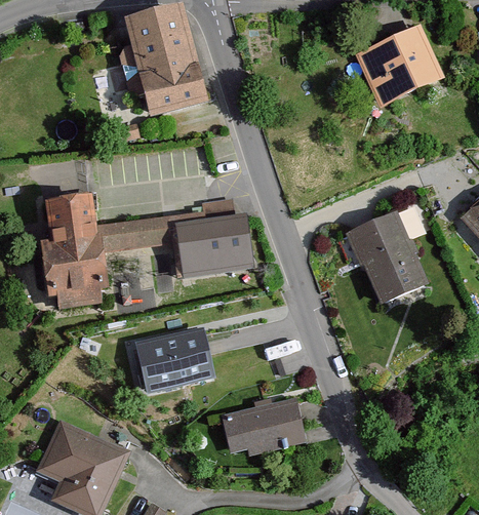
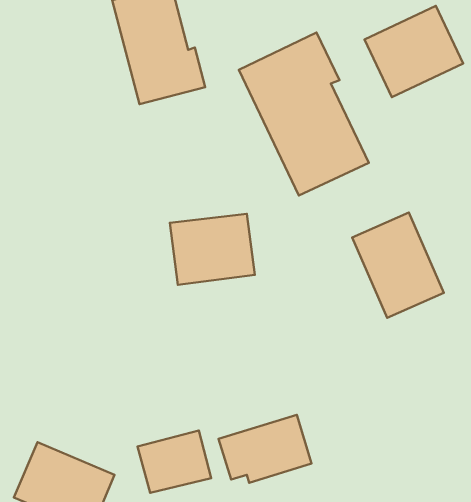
building: none -> [239,33,369,196]
building: [46,194,168,308] -> none
building: [142,331,208,388] -> [138,431,211,493]

